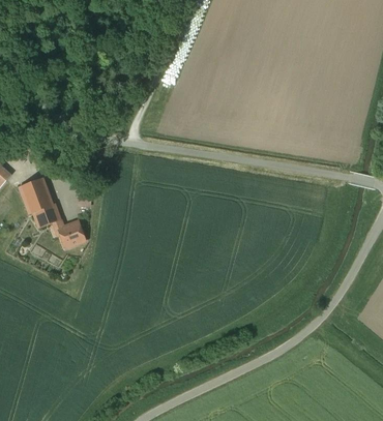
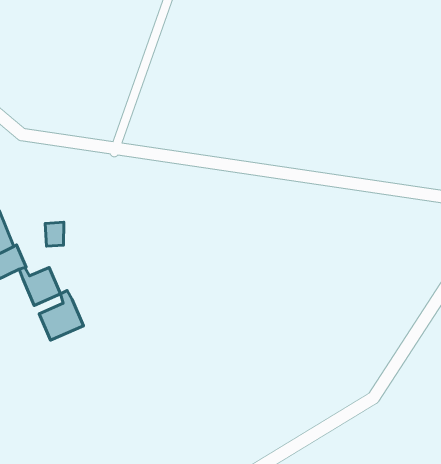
building: none -> [39,291,83,340]

